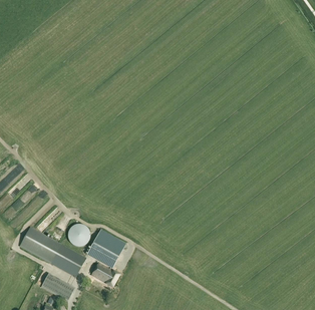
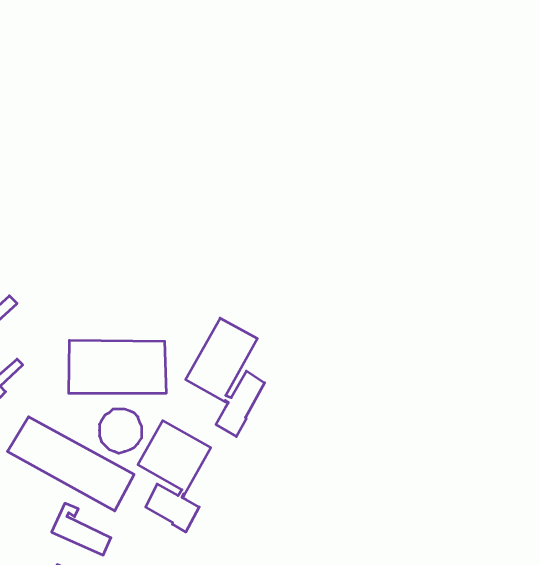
building: none -> [186,318,265,437]
building: none -> [69,340,166,393]

